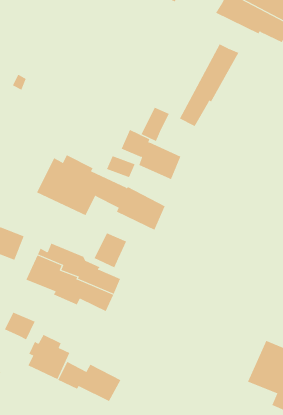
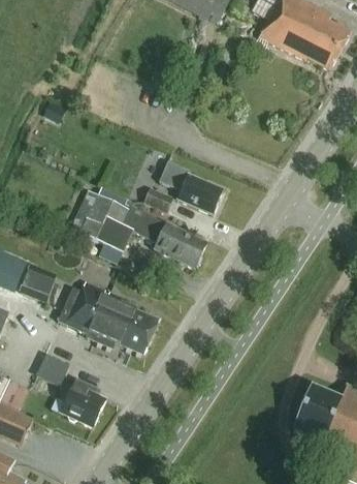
building: [179,43,239,127] -> none
building: [141,107,169,142] -> none
building: [94,233,127,268] -> none
building: [58,361,121,402] -> none

